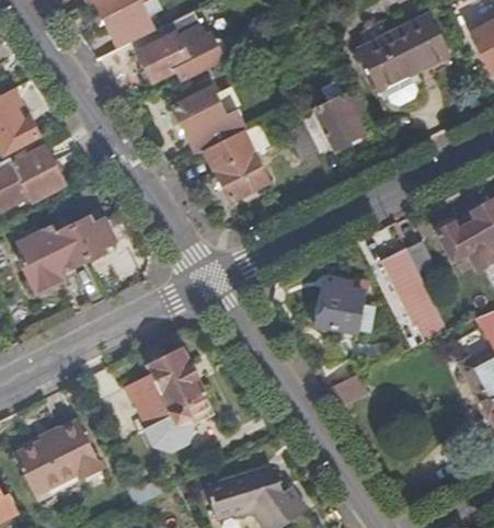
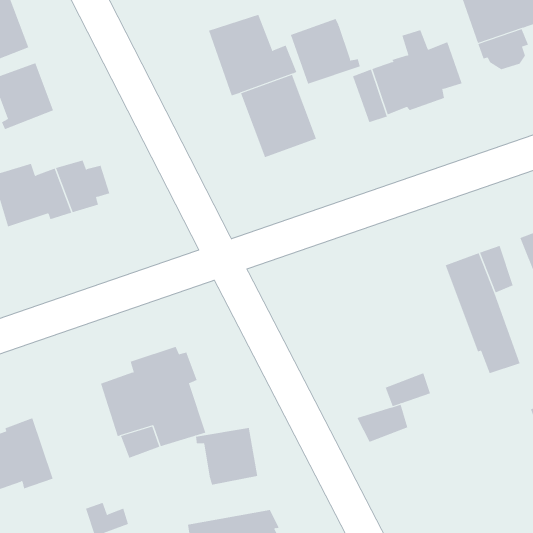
building: none -> [290,18,360,84]
building: [315,280,370,332] -> none
building: none -> [196,427,258,485]

